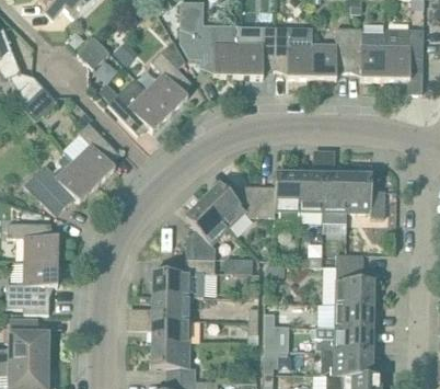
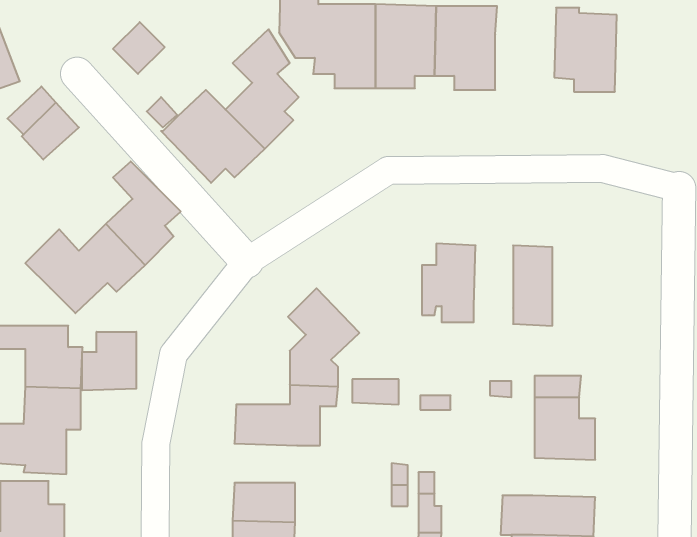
building: [312,27,349,79] -> none
building: [385,28,424,80] -> none
building: [299,173,323,211] -> none
building: [347,174,384,218] -> none
building: [202,183,267,227] -> none
building: none -> [82,332,136,390]
building: [152,295,190,319] -> none
building: [335,304,373,328] -> none

